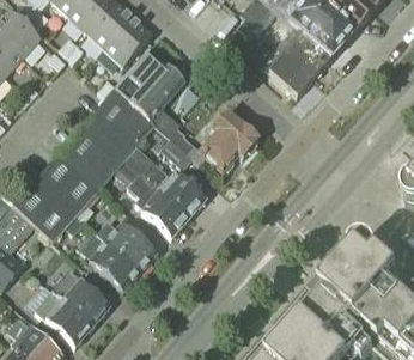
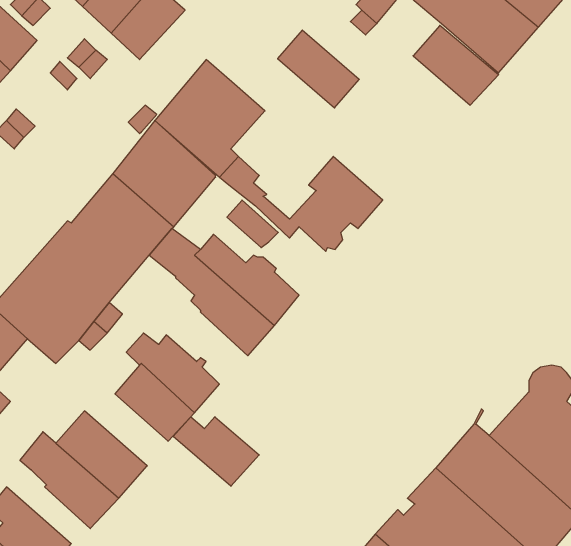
building: [105,18,152,66] -> none
building: [262,47,313,96] -> [278,30,359,108]
building: none -> [173,417,259,486]

